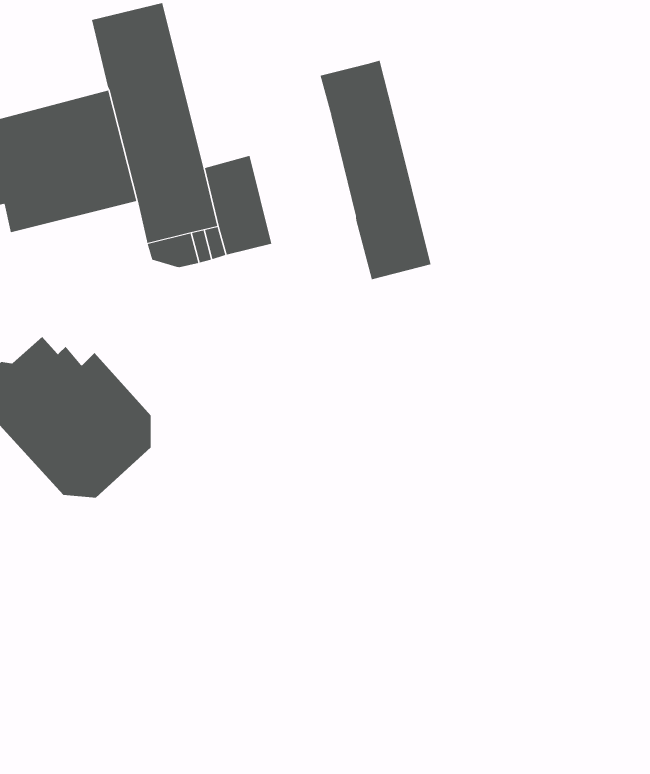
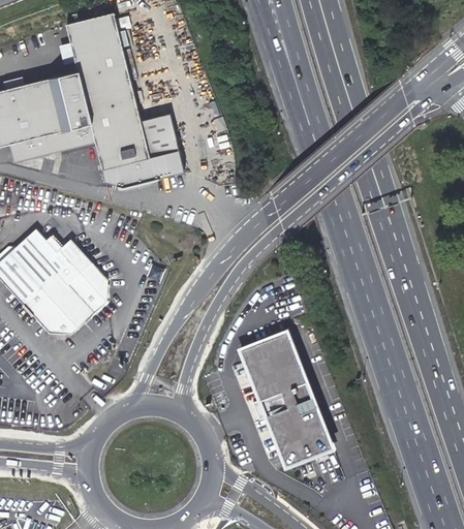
building: [320,60,431,280] -> none
building: none -> [236,329,334,470]

